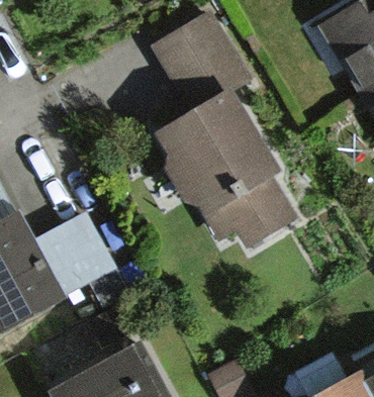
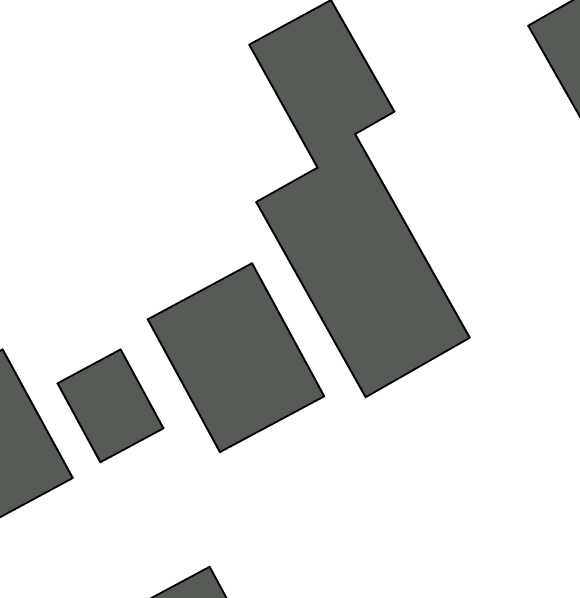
building: none -> [148,263,324,452]

